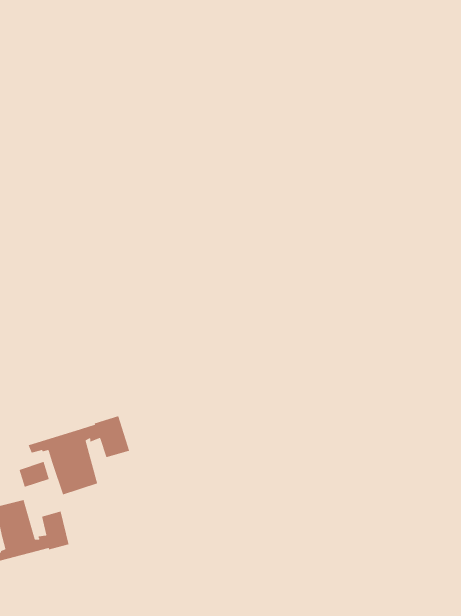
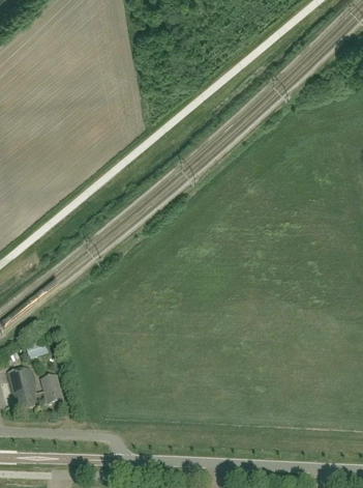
building: [28,415,130,495] -> none

